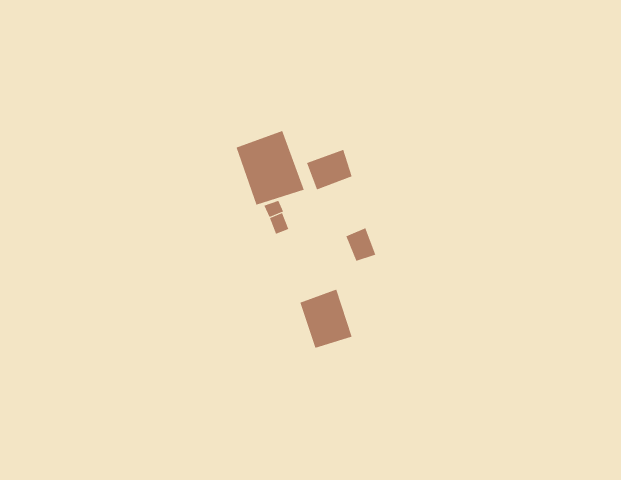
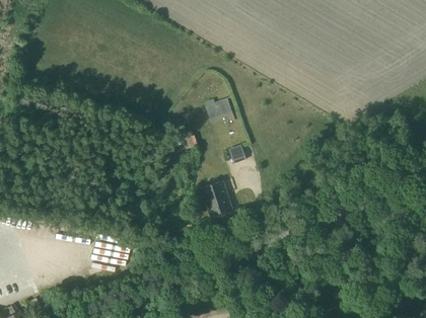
building: [236,130,304,206] -> none

